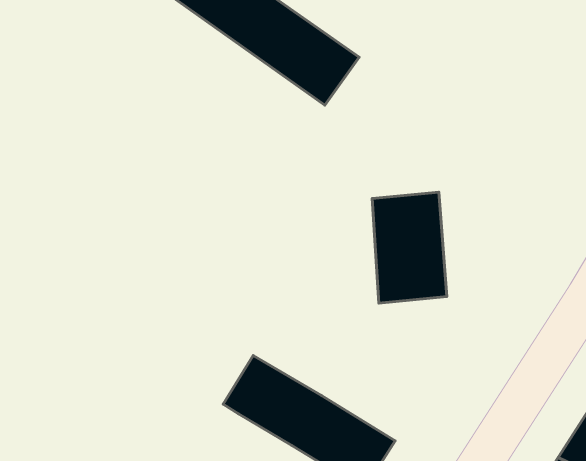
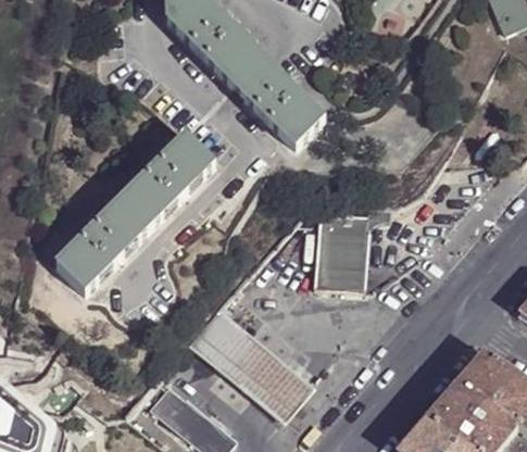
building: none -> [57,127,216,287]

